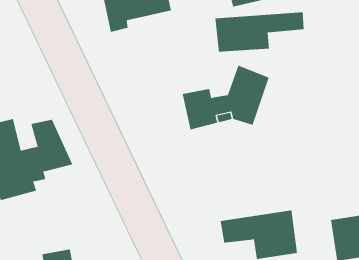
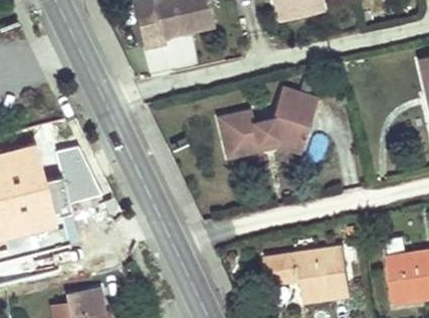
building: [215,12,304,53] -> none

